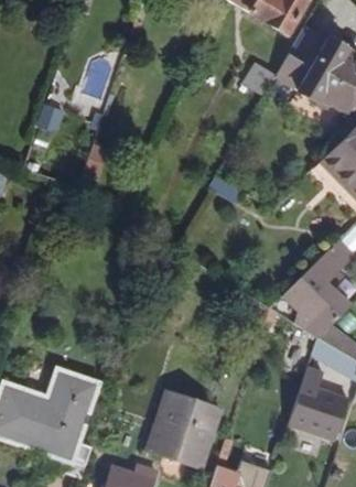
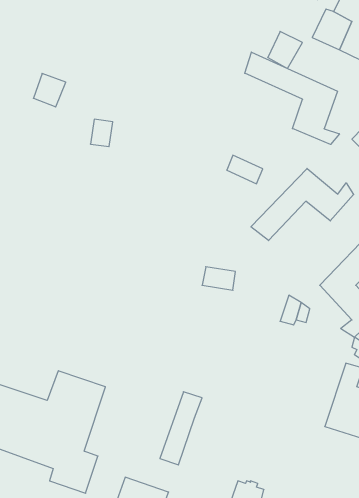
building: none -> [245,52,339,144]
building: none -> [251,168,354,241]
building: [163,392,222,465] -> none

